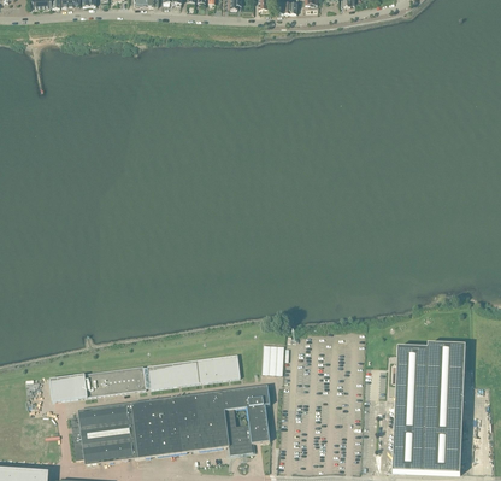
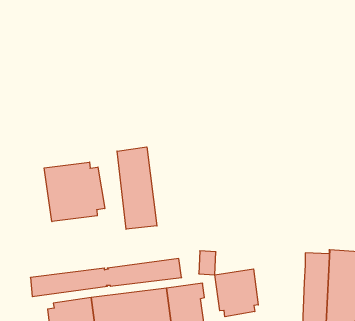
building: none -> [117,147,157,229]
building: none -> [44,162,105,222]
building: none -> [215,269,258,317]

